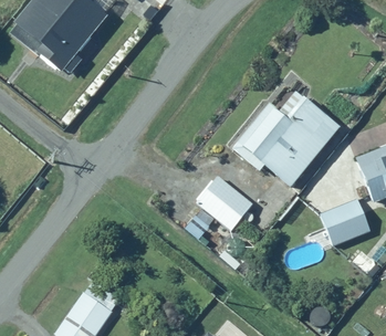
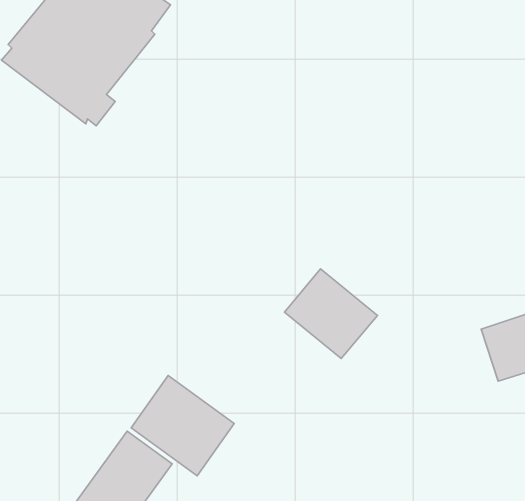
building: [230,88,338,186] -> none
building: none -> [131,375,234,476]

